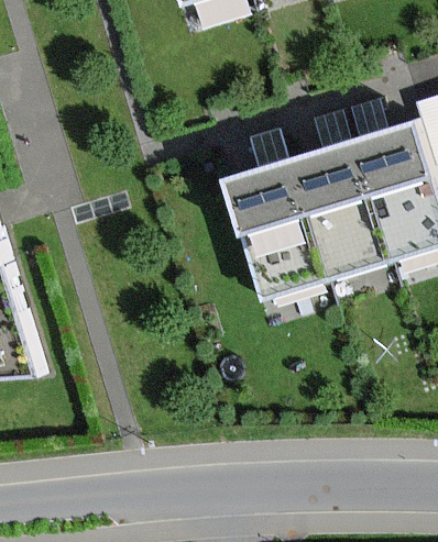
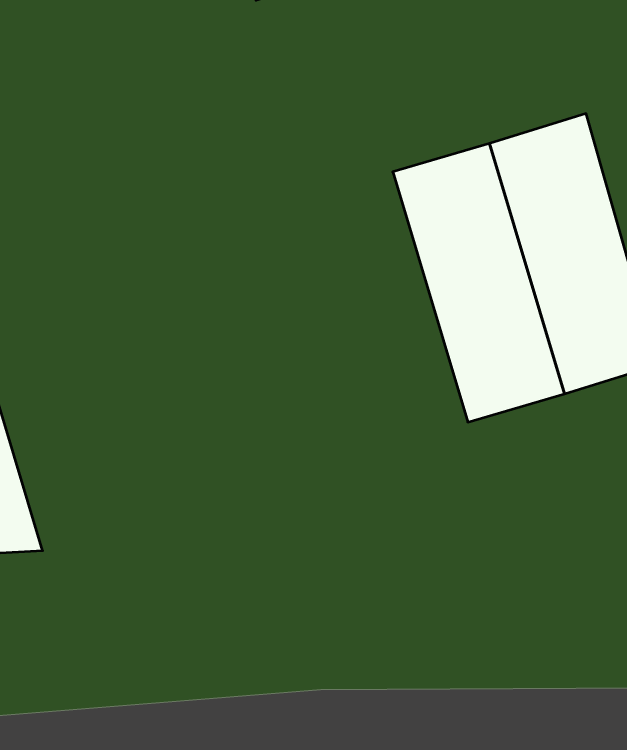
building: [208,128,321,311] -> none

